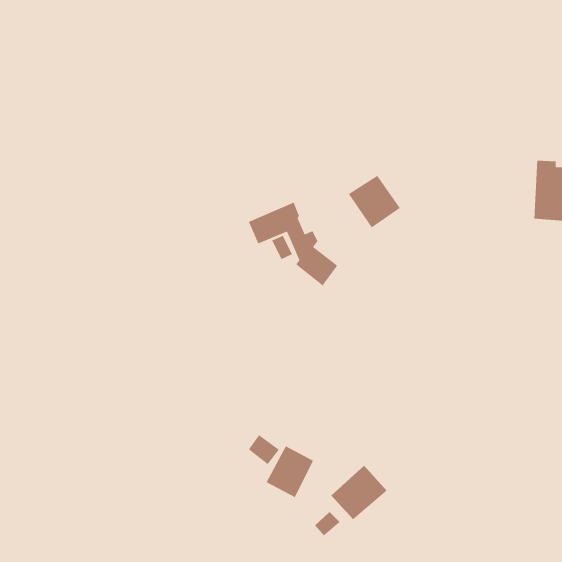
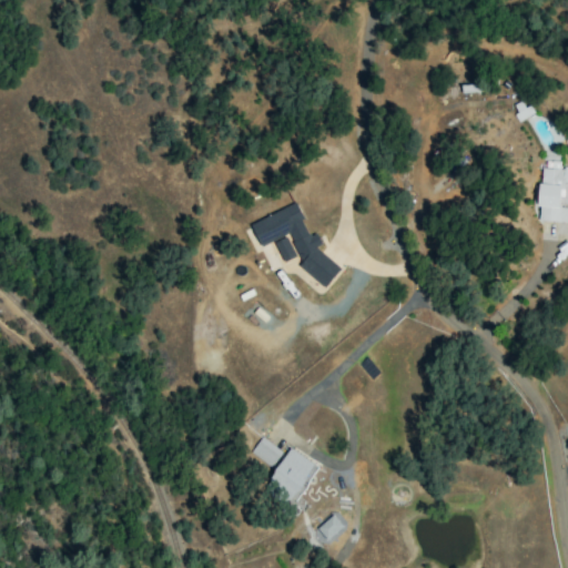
building: [348,175,401,228] -> none
building: [330,465,387,520] -> none

